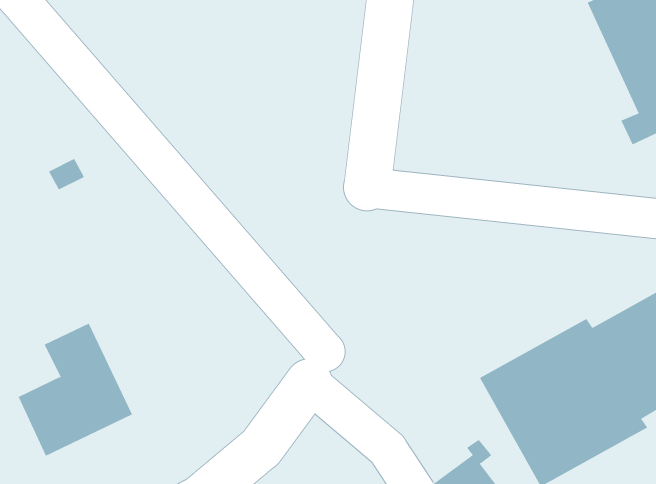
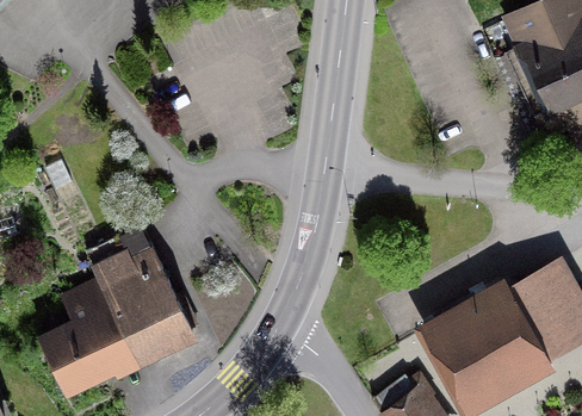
building: none -> [83,226,190,356]

